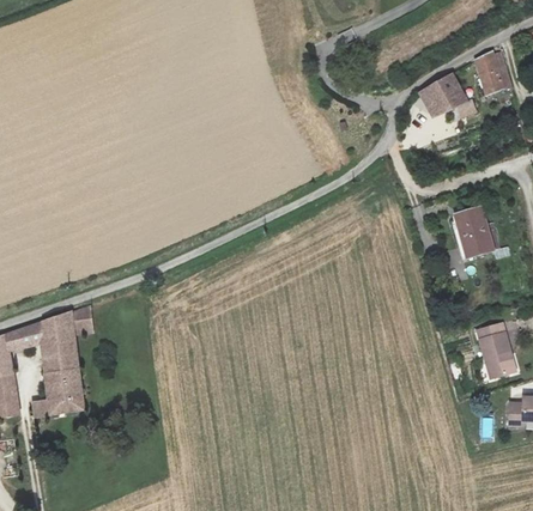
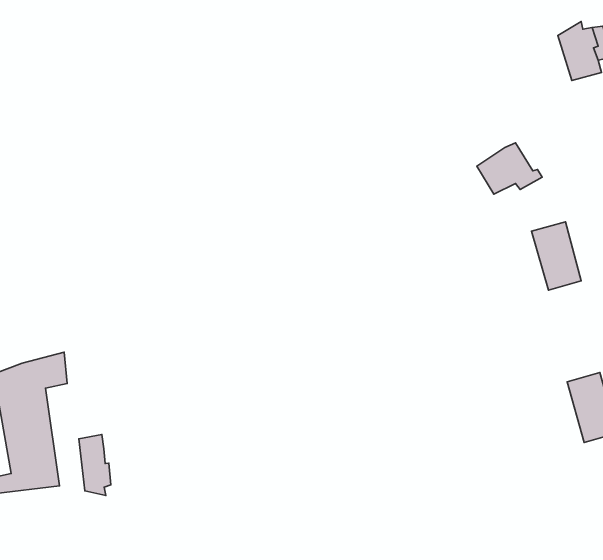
building: [419,74,470,114] -> [477,143,542,194]
building: none -> [79,435,111,496]

